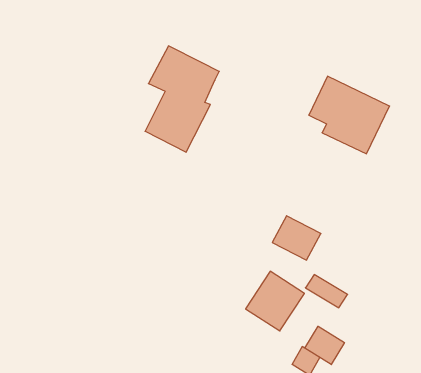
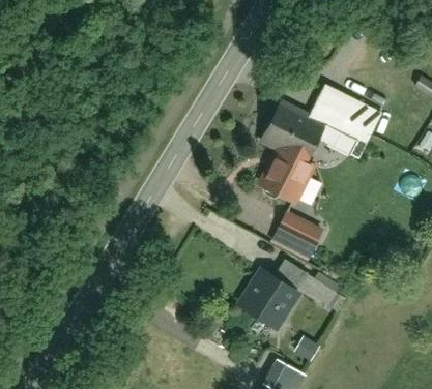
building: [145,46,219,152] -> [255,104,324,204]
building: [305,326,344,365] -> none

